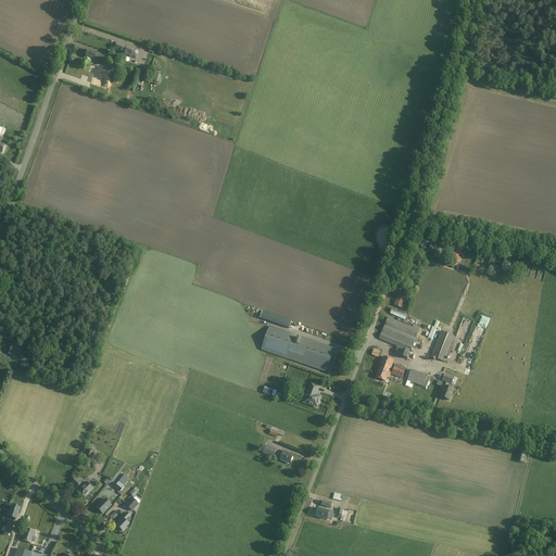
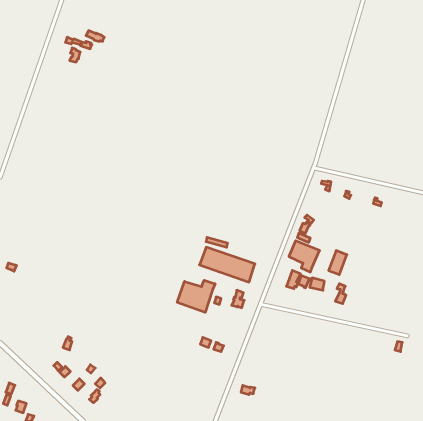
building: none -> [177,280,215,312]

